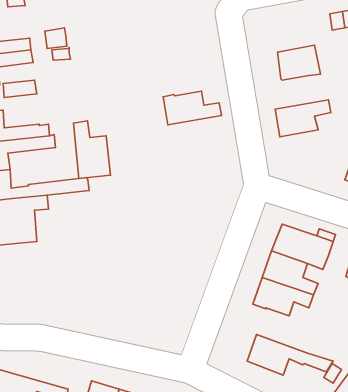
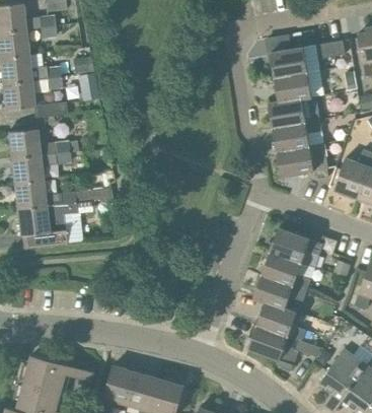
building: none -> [271,48,308,78]
building: [163,91,221,125] -> [270,98,320,128]
building: [73,121,111,178] -> none
building: none -> [278,144,328,179]
building: none -> [257,301,306,341]

